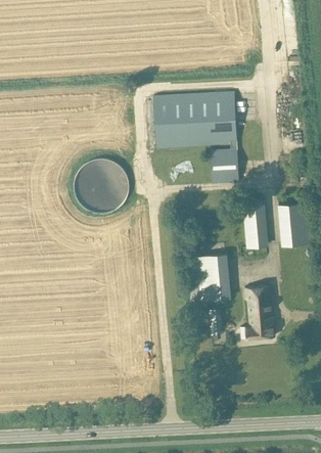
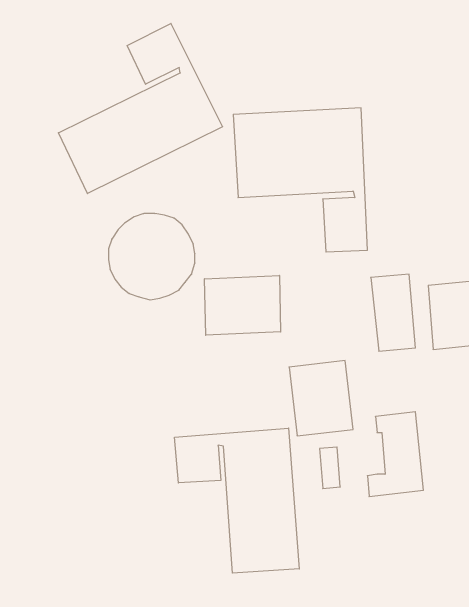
building: none -> [58,23,223,194]
building: none -> [205,275,281,335]
building: none -> [175,428,299,573]

